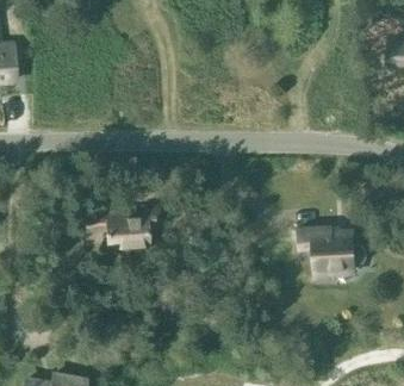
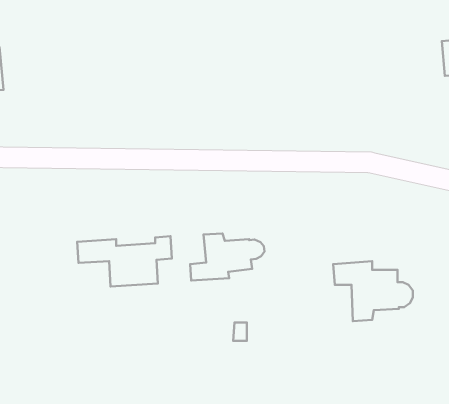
building: none -> [190,234,265,280]

